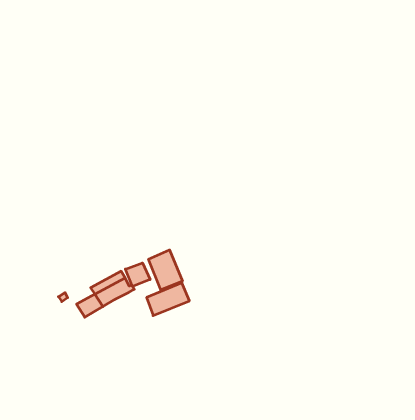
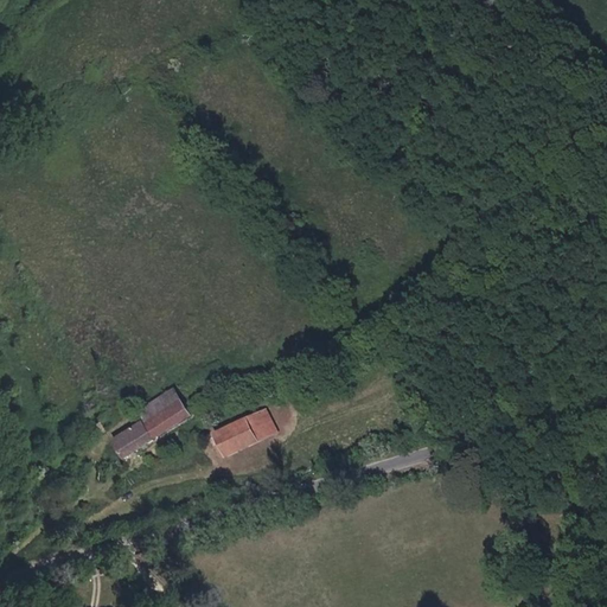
building: [149,250,182,290] -> none
building: [125,263,150,286] -> none

